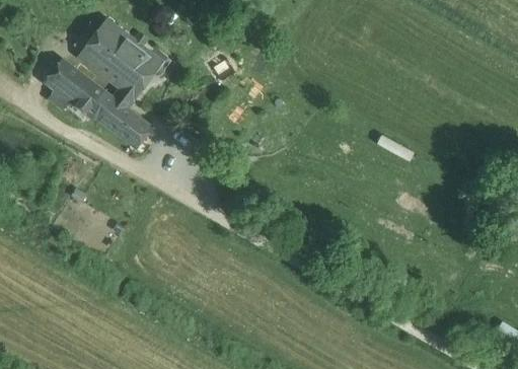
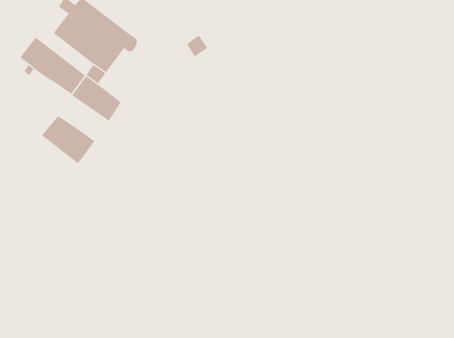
building: none -> [41,115,95,164]

